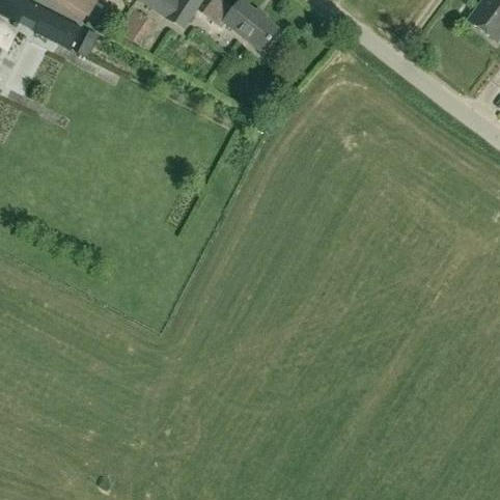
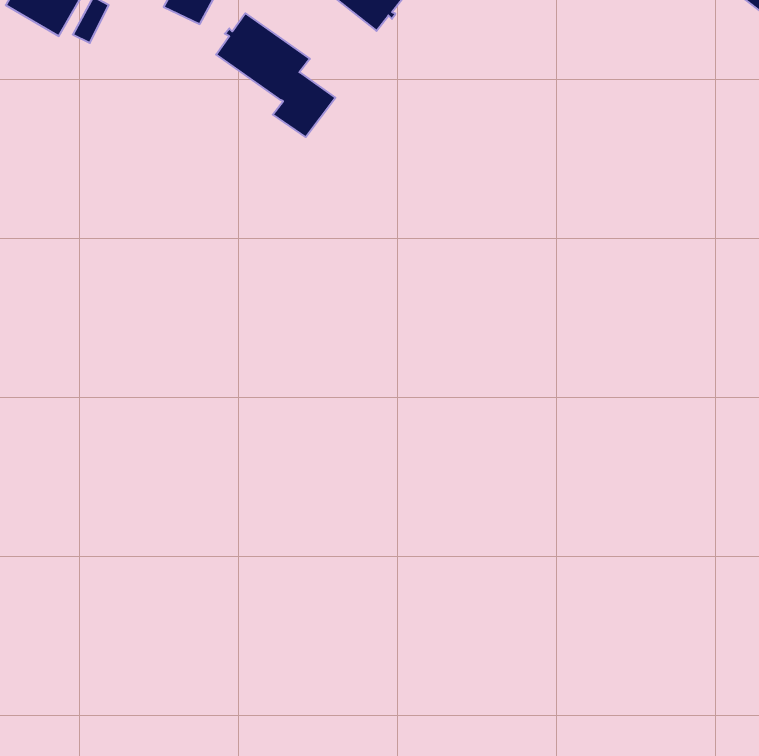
building: none -> [216,13,335,137]

